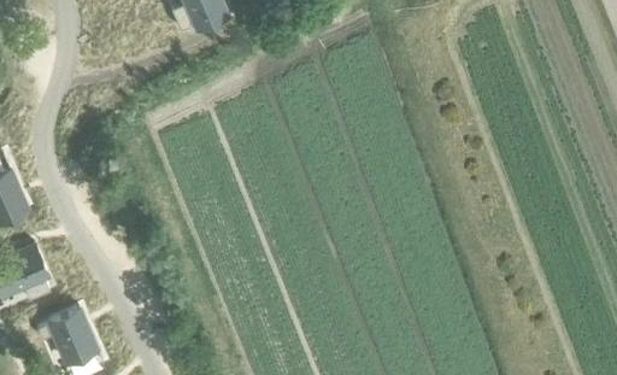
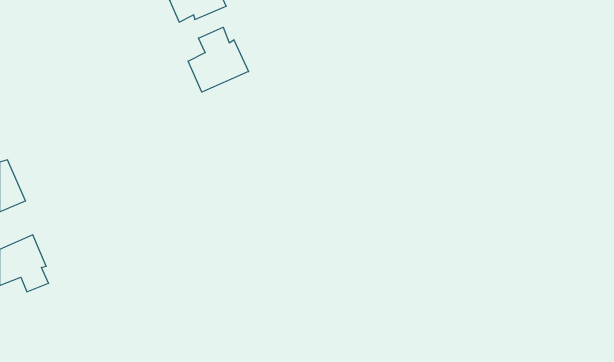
building: none -> [188,27,249,92]
building: [39,310,98,364] -> none

